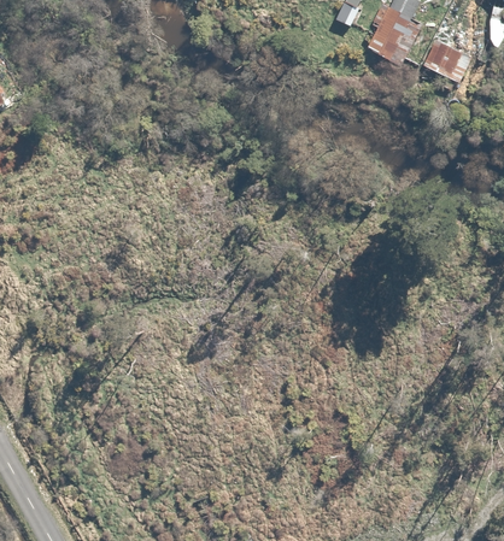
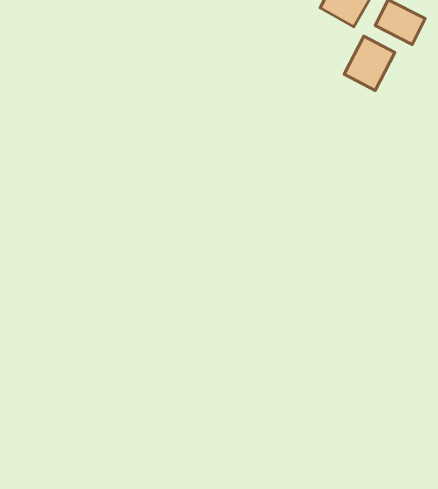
building: none -> [344,36,395,91]

